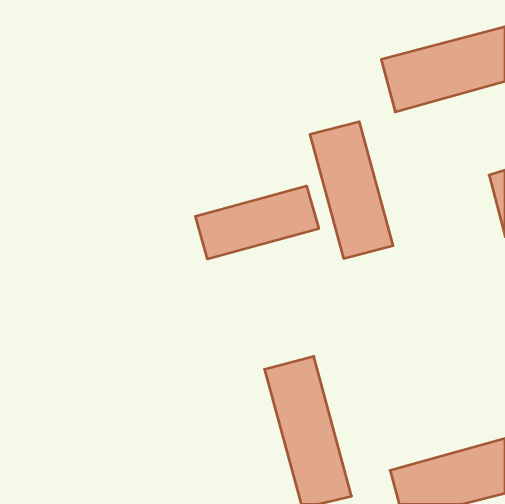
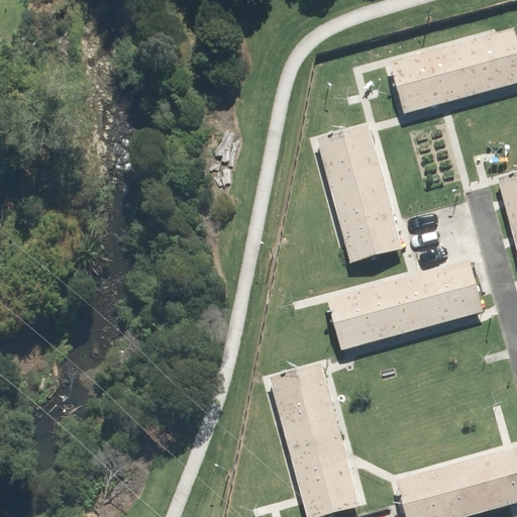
building: [195,186,319,259] -> none
building: none -> [327,260,484,351]

